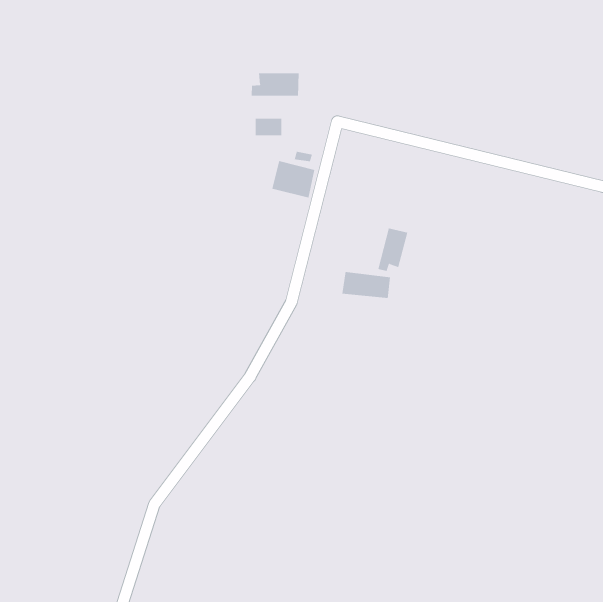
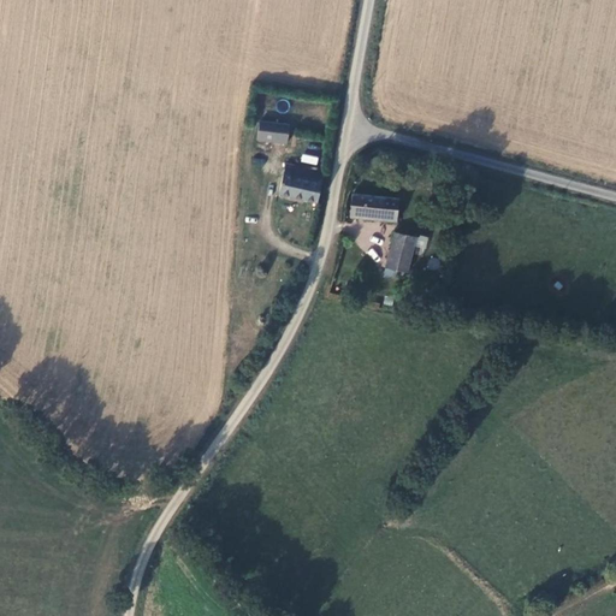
building: [251,72,299,97] -> none
building: [341,271,391,299] -> [349,195,399,223]

